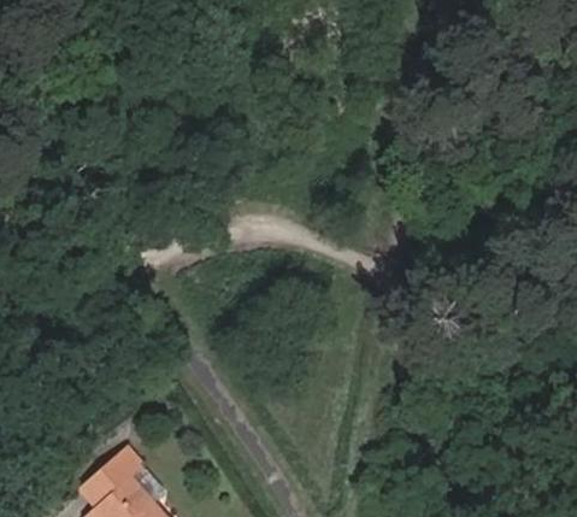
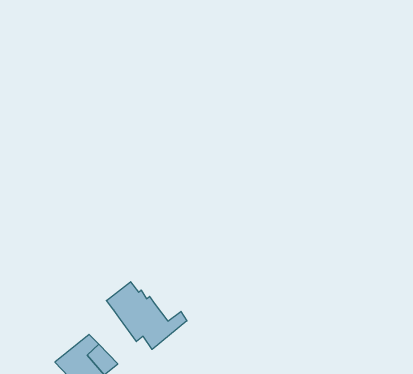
building: none -> [106,282,187,349]

